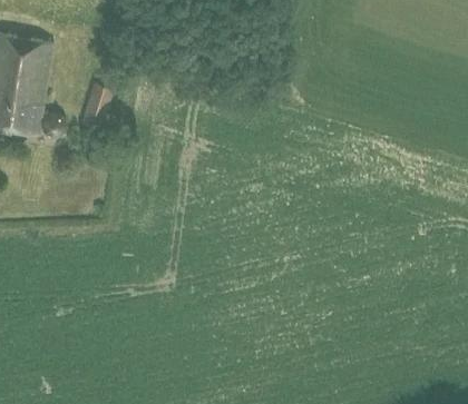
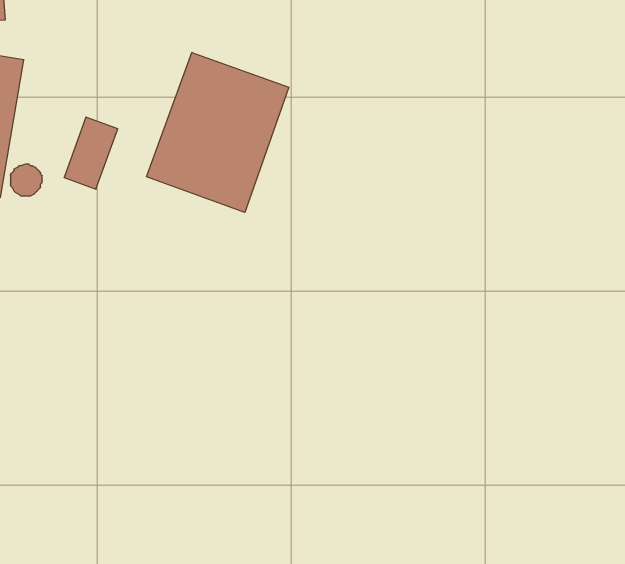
building: none -> [146,52,289,212]

